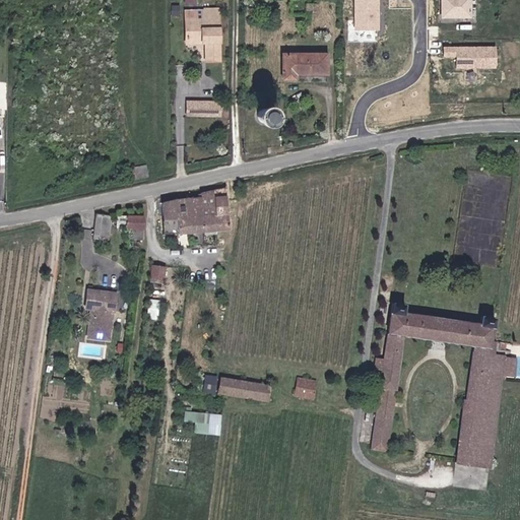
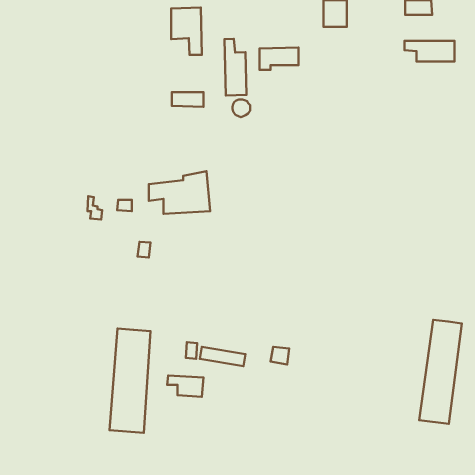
building: none -> [224,39,247,95]
building: [86,289,118,340] -> none
building: [372,301,495,448] -> none
building: none -> [110,329,151,433]

